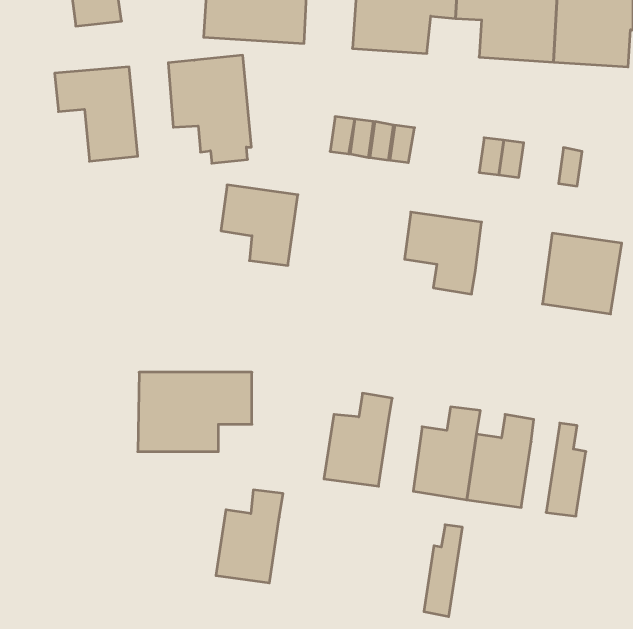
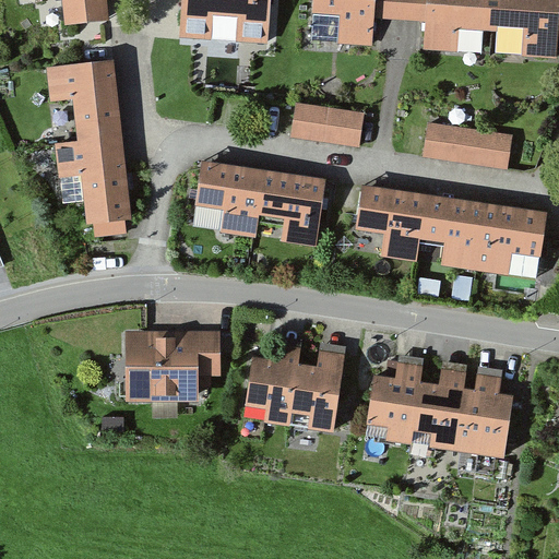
building: [168,55,251,163] -> [56,138,129,233]
building: none -> [456,126,496,162]
building: none -> [257,171,324,243]
building: none -> [418,195,486,267]
building: [216,490,283,583] -> [238,340,297,421]
building: [424,525,462,617] -> [459,370,492,451]

